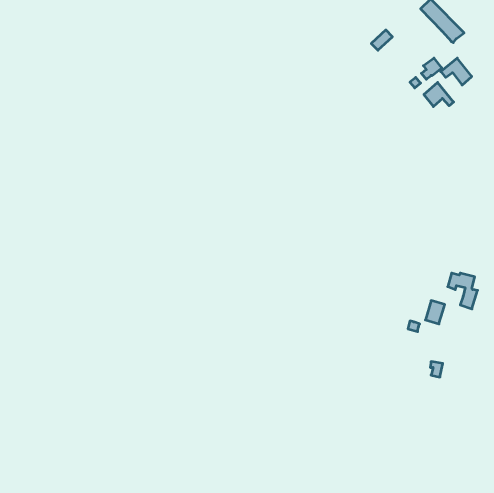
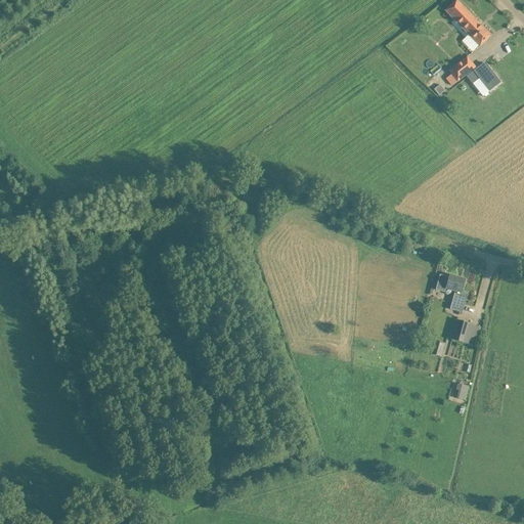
building: [424,82,454,107] -> none
building: [448,273,478,309] -> [436,274,468,312]

